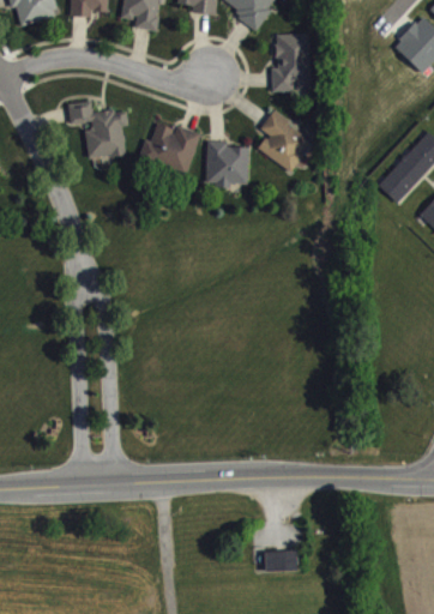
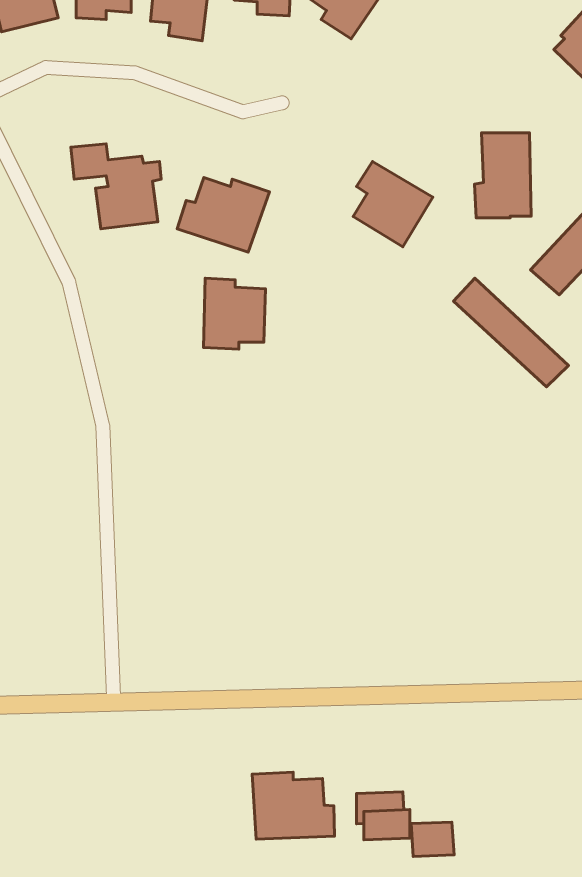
building: [271,34,309,91] -> [475,133,531,218]
building: [206,140,248,188] -> [203,278,266,349]
building: none -> [453,278,568,387]
building: none -> [252,772,334,839]
building: none -> [411,822,454,856]

